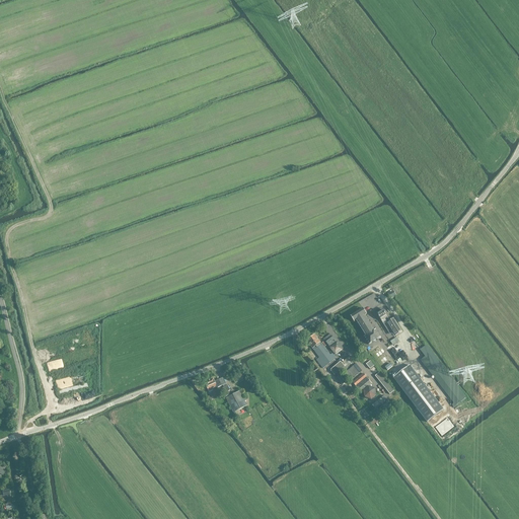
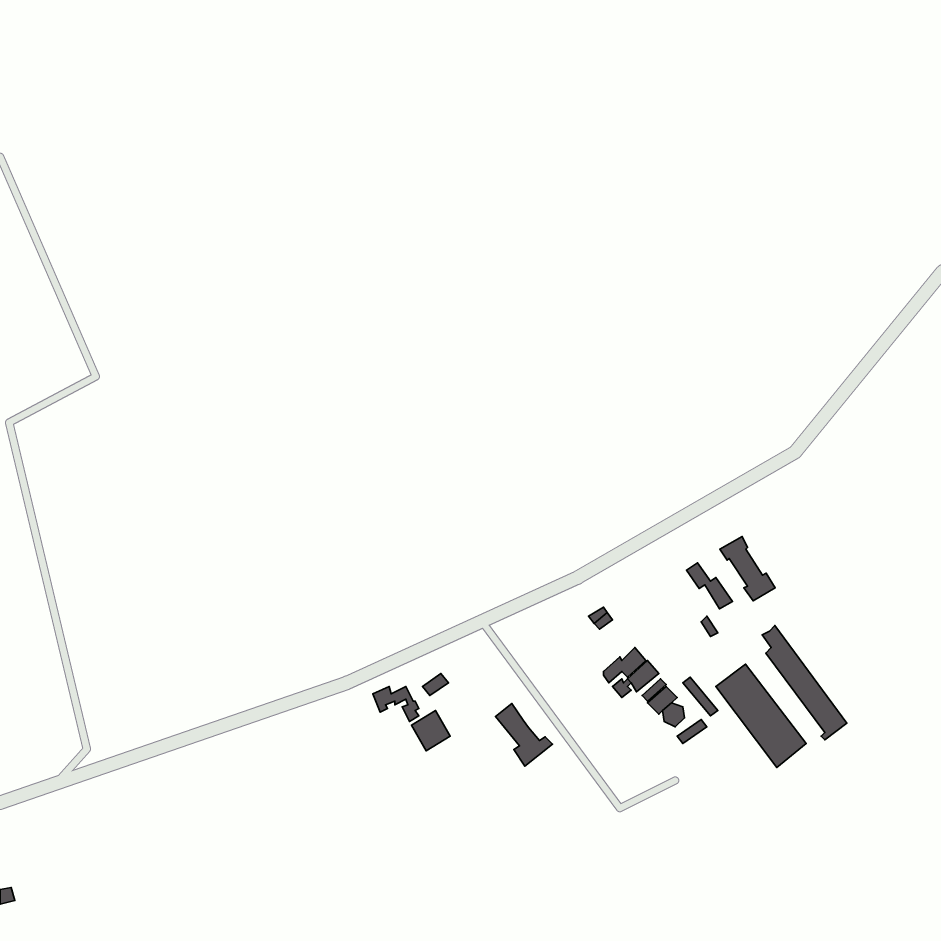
building: [352,307,382,343] -> [720,536,775,601]
building: [307,333,339,368] -> [495,703,553,766]

